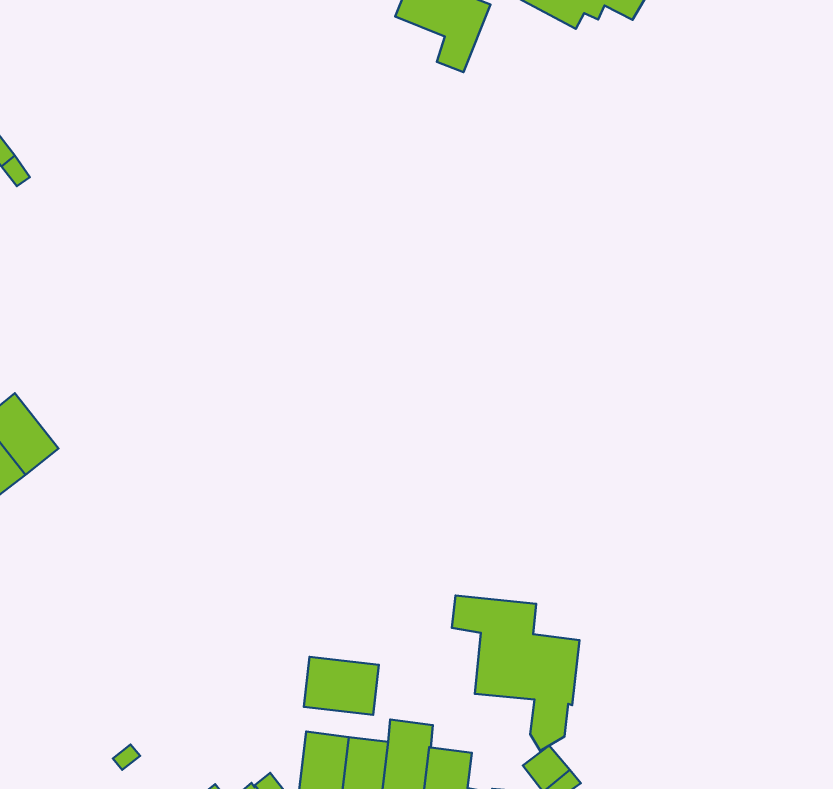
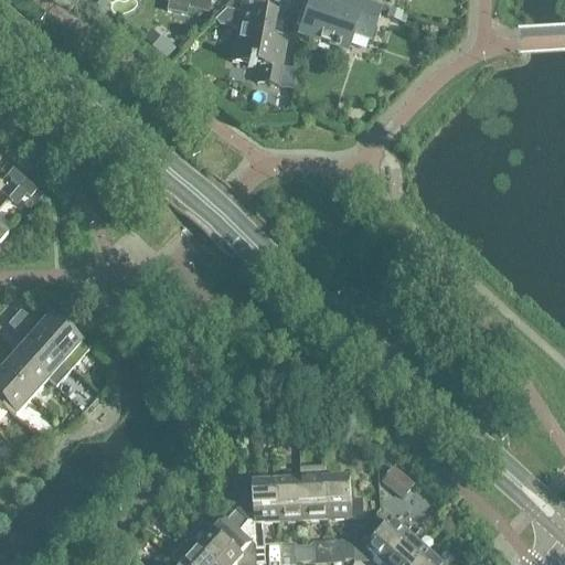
building: [452,595,579,751] -> none
building: [304,657,379,715] -> none

